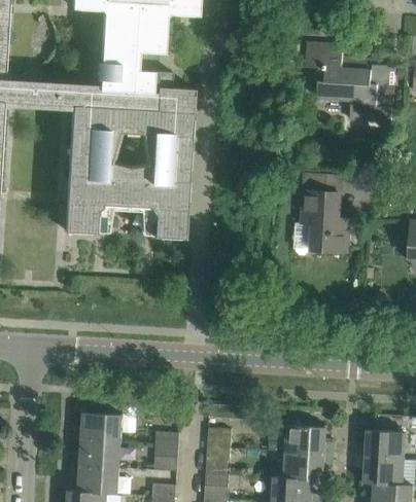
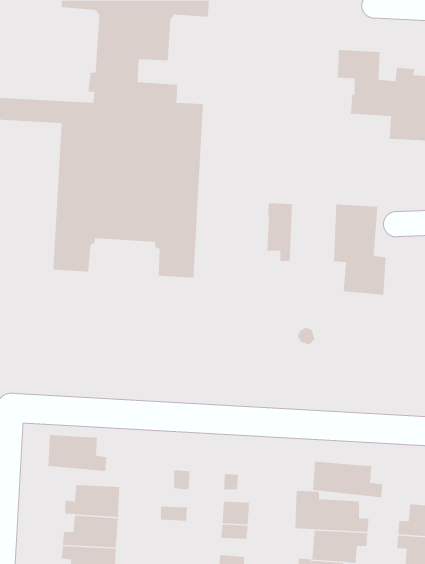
building: none -> [266,202,293,262]
building: none -> [47,434,107,472]
building: none -> [312,461,383,498]
building: [153,444,178,472] -> none

